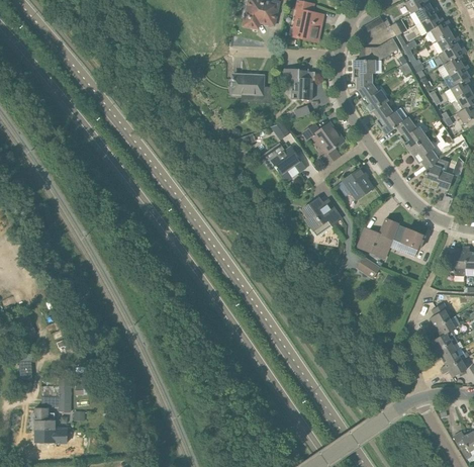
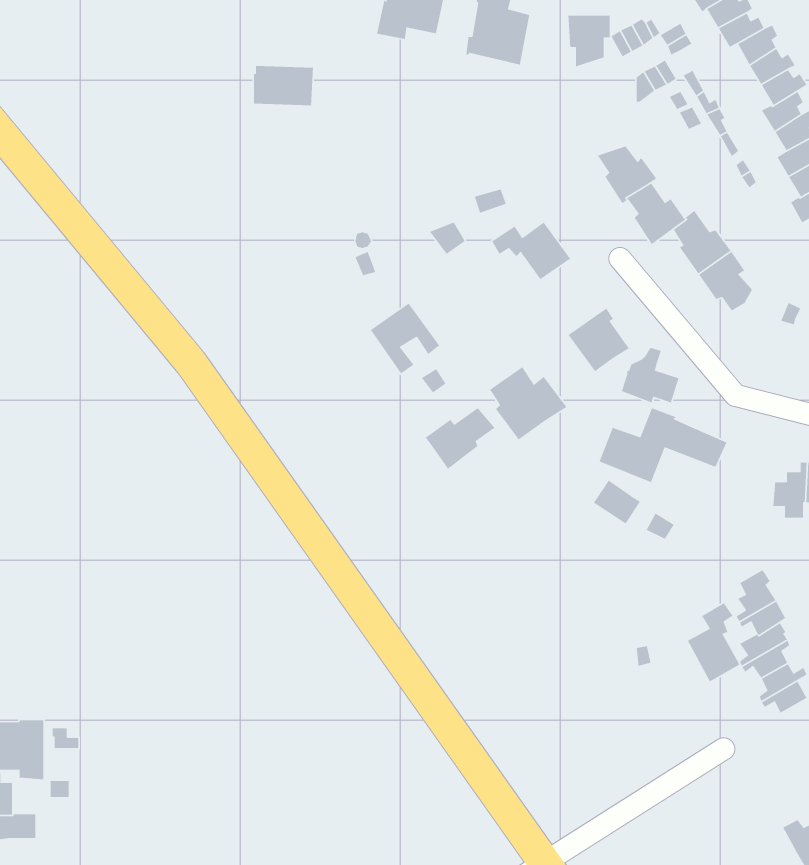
building: [354,61,376,88] -> [567,15,610,67]
building: [284,69,315,100] -> none
building: [232,75,264,96] -> [253,65,314,106]
building: [270,146,306,183] -> [370,302,440,375]
building: [422,160,453,189] -> [621,347,679,403]
building: none -> [425,407,496,470]
building: none -> [687,602,740,683]

